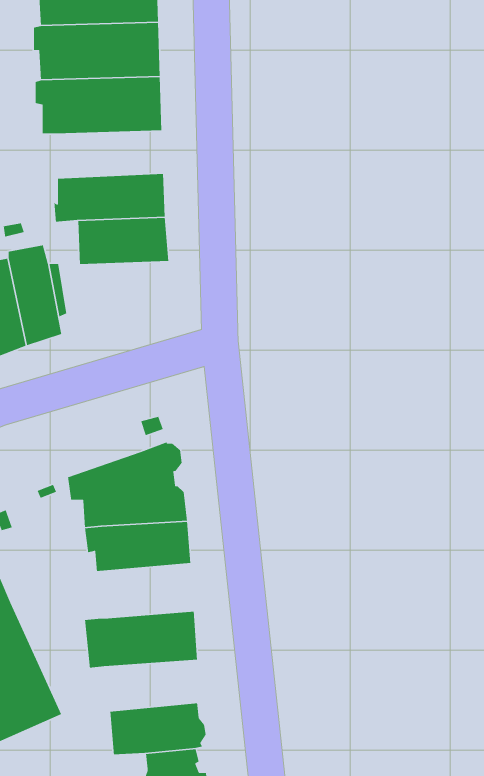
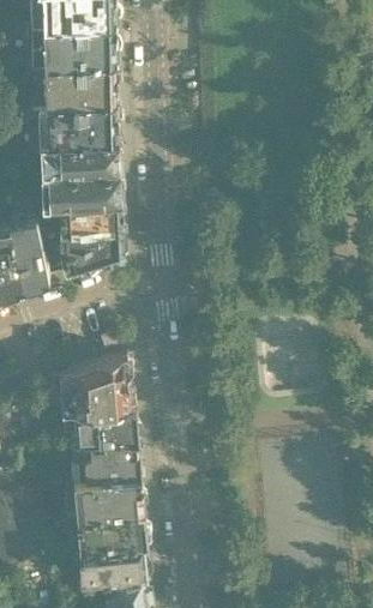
building: none -> [40,139,118,173]
building: none -> [58,231,122,277]
building: none -> [70,445,139,483]
building: none -> [62,513,145,550]

